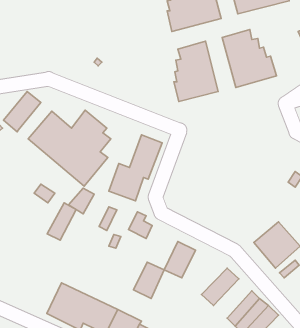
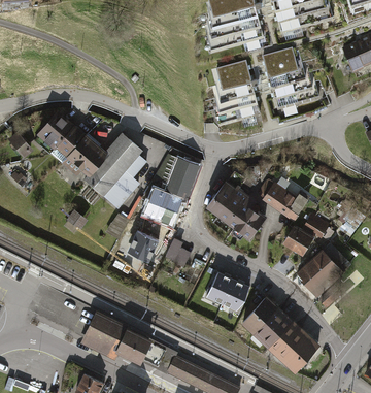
building: none -> [49,124,85,162]
building: none -> [206,172,266,239]
building: none -> [258,178,310,220]
building: none -> [280,211,330,257]
building: [47,203,76,240] -> none
building: [134,262,164,299] -> [221,279,252,317]
building: none -> [254,308,294,350]

